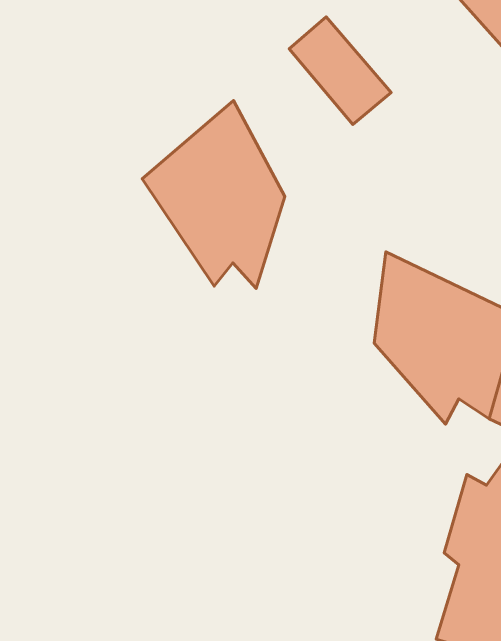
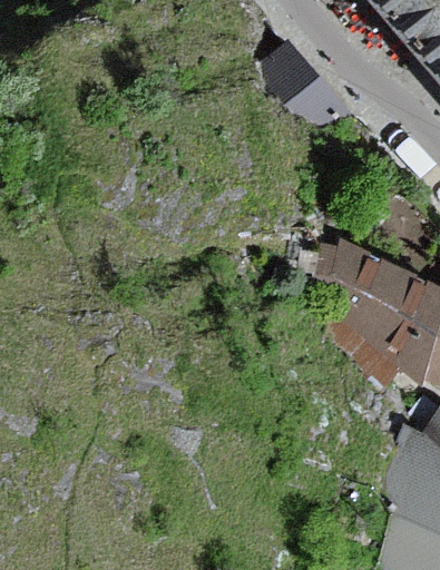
building: [142,100,285,288] -> none

